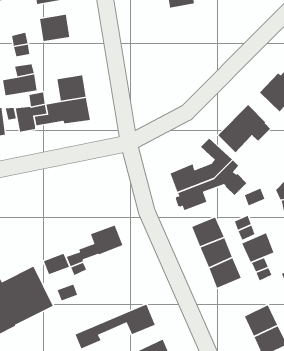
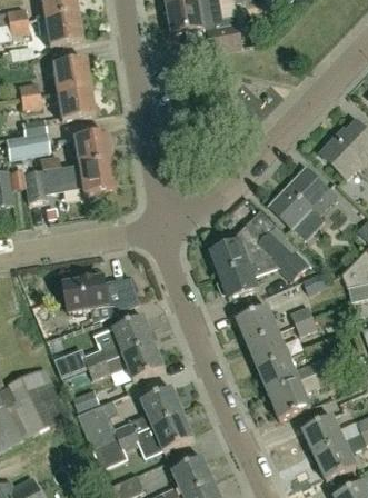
building: none -> [56,86,93,120]
building: none -> [63,277,131,319]
building: [241,232,275,263] -> [269,381,310,419]
building: none -> [123,341,165,380]
building: none -> [79,386,183,450]

